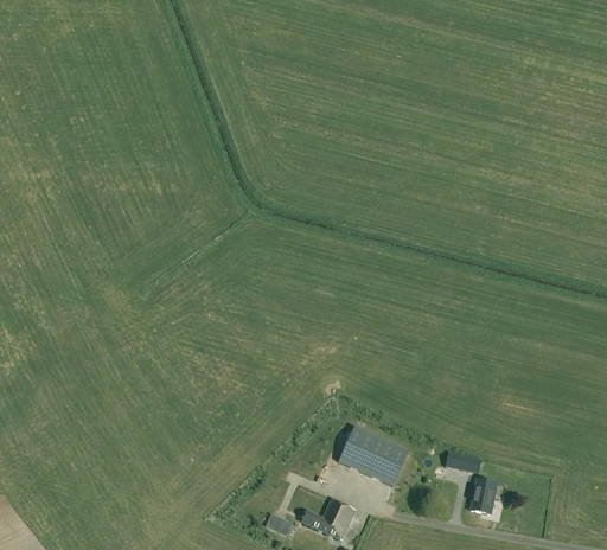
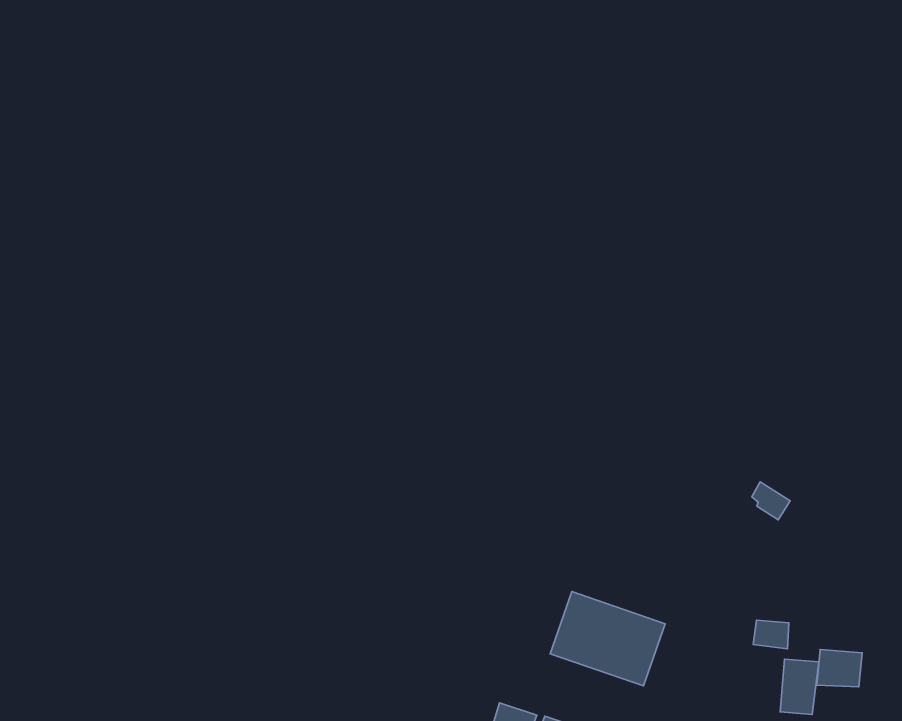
building: none -> [817,649,862,687]

